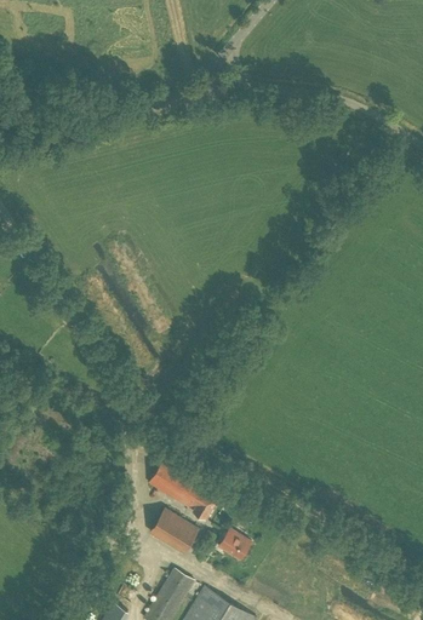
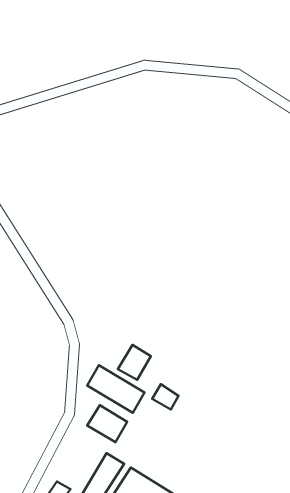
building: none -> [118,345,151,380]
building: [218,529,251,561] -> [152,384,178,409]

